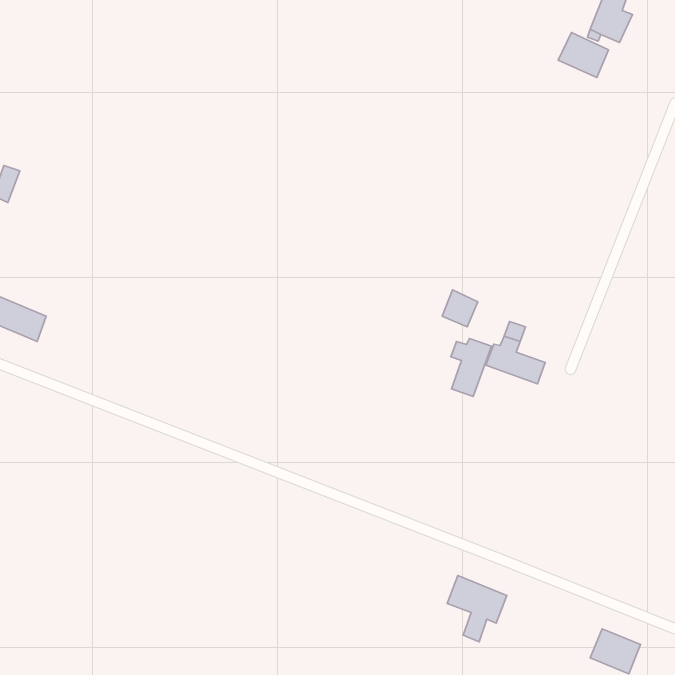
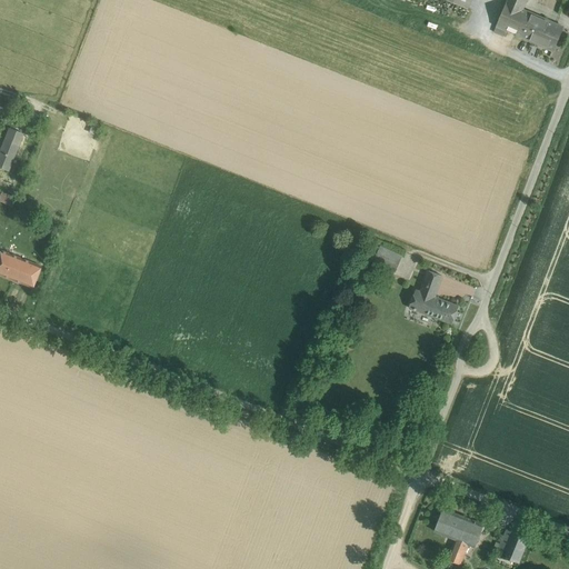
building: [558,32,609,77] -> [520,12,562,50]
building: [451,339,491,396] -> none
building: [447,576,507,642] -> [433,507,483,562]

